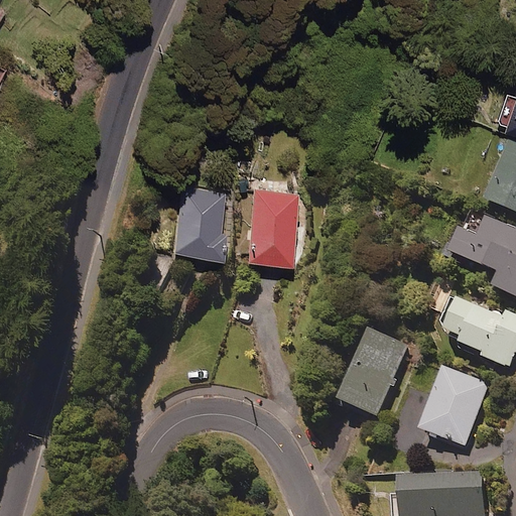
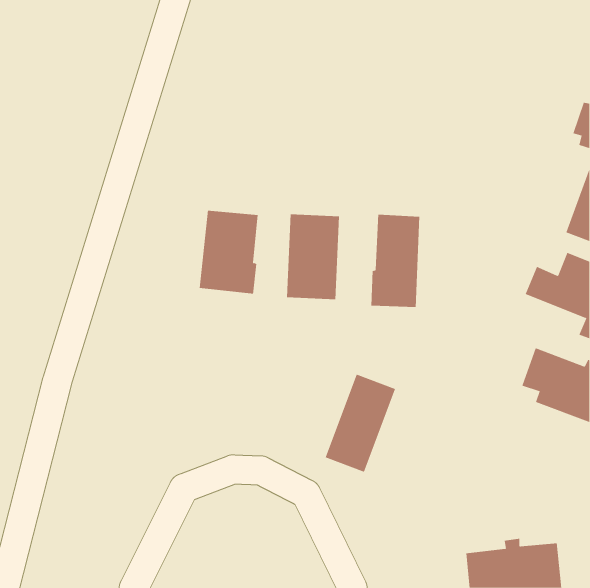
building: none -> [371,214,420,308]
building: [346,331,407,416] -> [325,374,396,473]
building: [424,367,488,445] -> none

